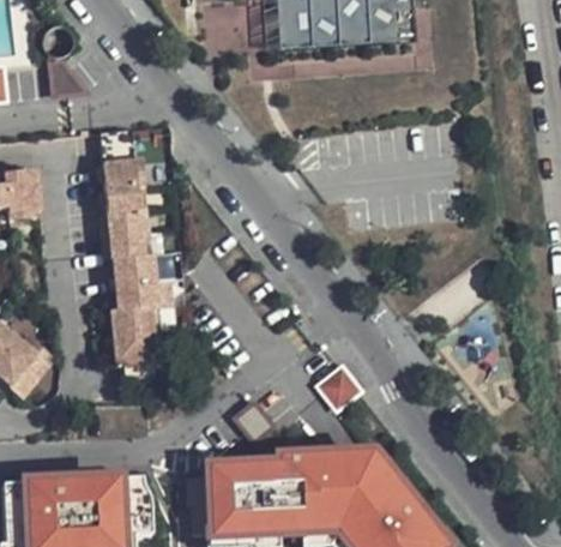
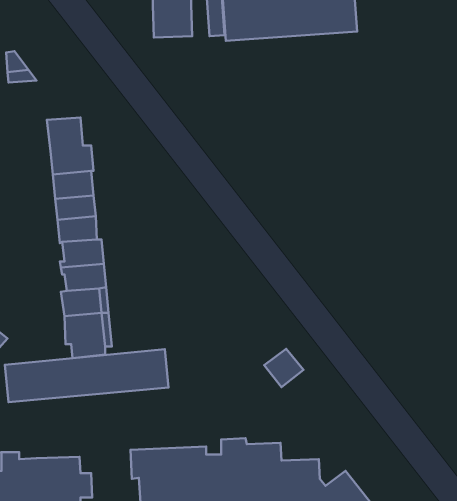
building: none -> [5,349,169,402]
building: [302,455,405,507] -> none

